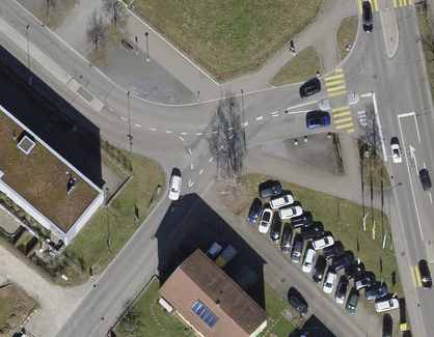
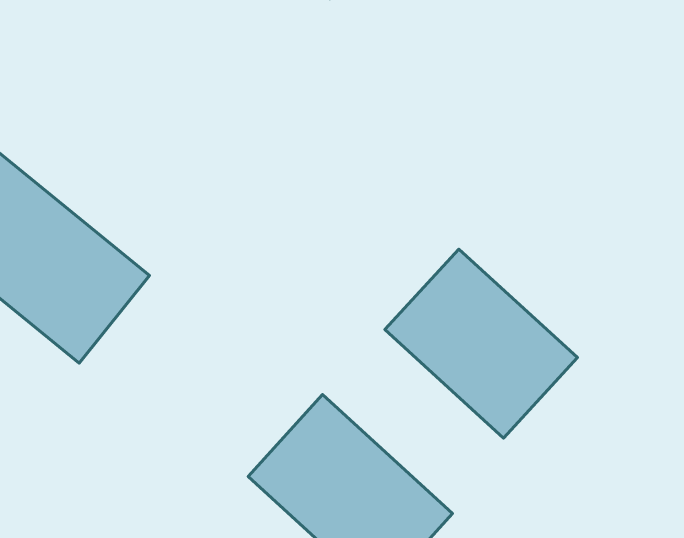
building: none -> [385,249,578,438]

